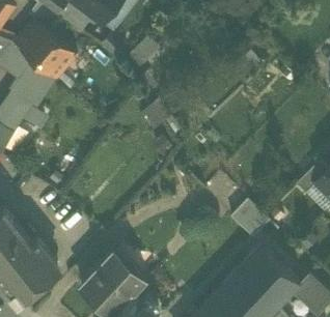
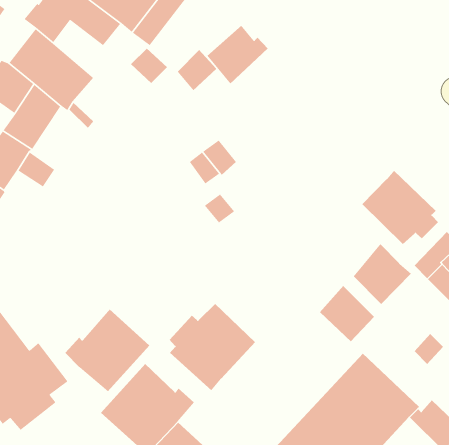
building: none -> [206,25,268,84]
building: none -> [361,170,439,245]
building: none -> [353,243,412,305]
building: none -> [169,303,256,391]
building: none -> [64,309,150,392]

